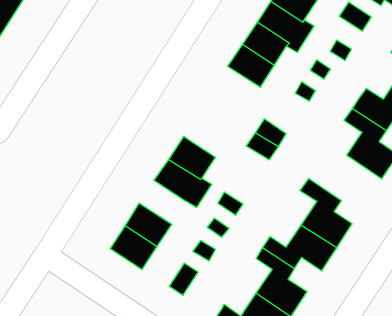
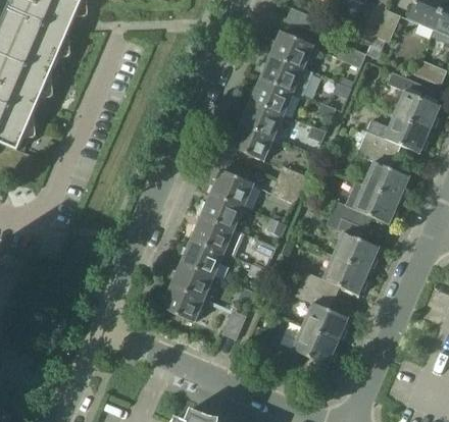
building: none -> [232,121,275,159]
building: none -> [211,168,254,207]
building: none -> [333,180,400,227]
building: none -> [181,238,223,275]

